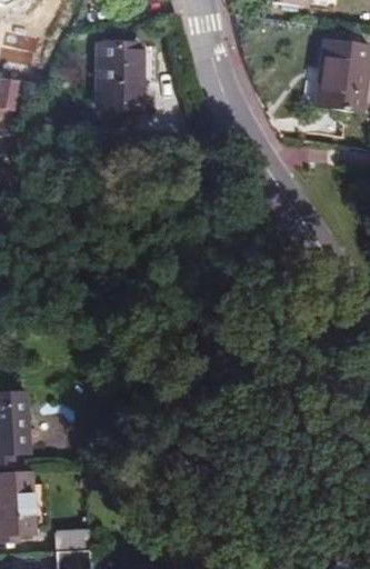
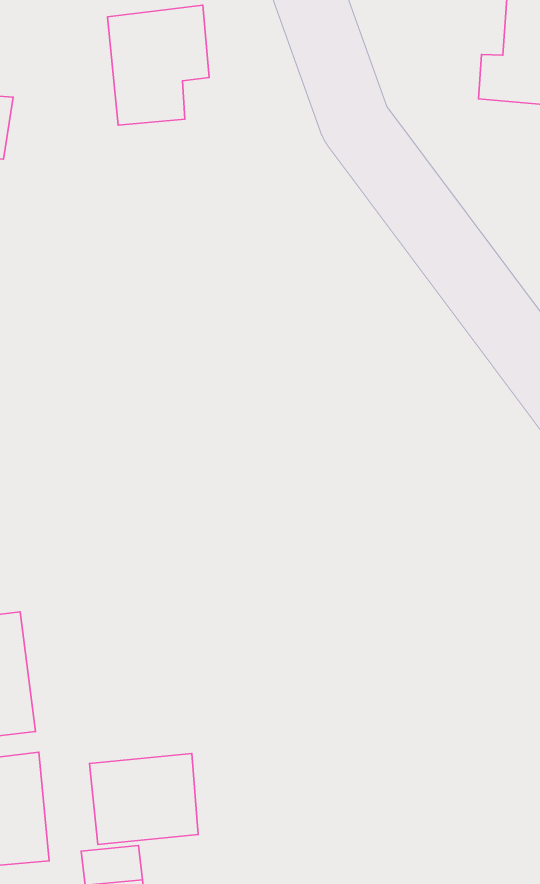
building: none -> [89,753,198,844]

